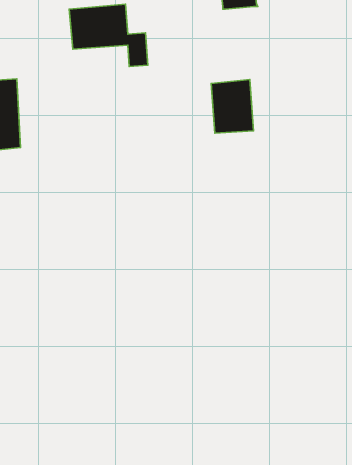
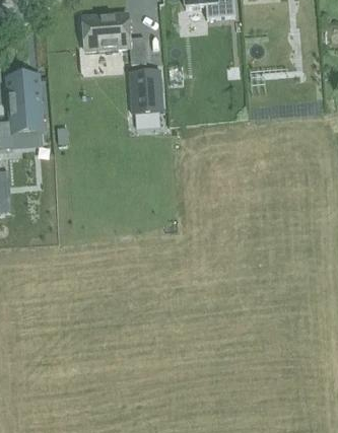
building: [211,80,253,133] -> [130,69,164,113]

